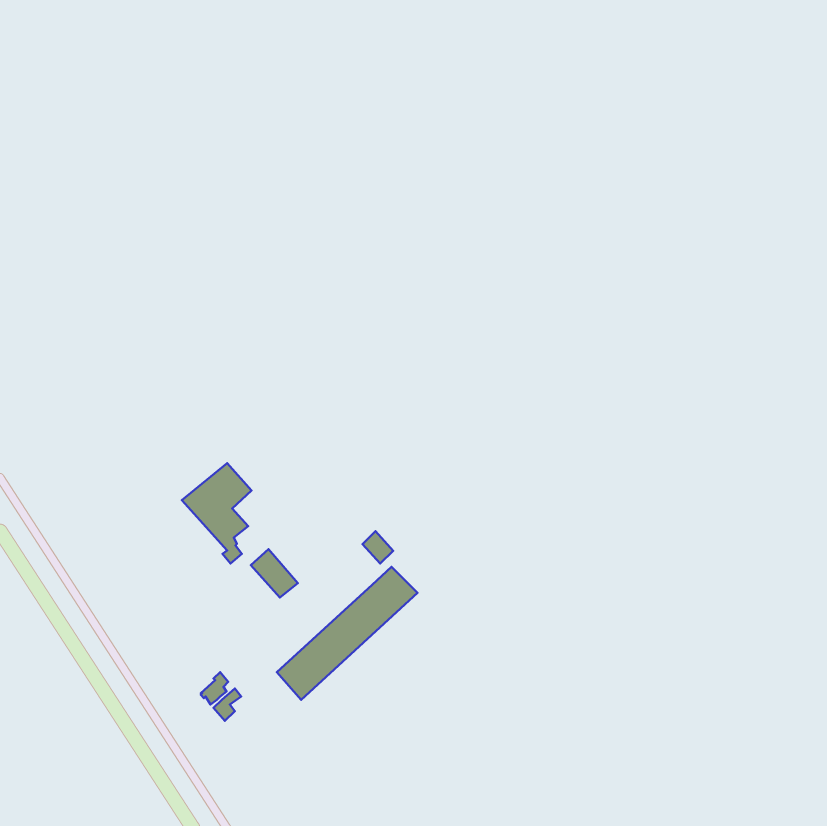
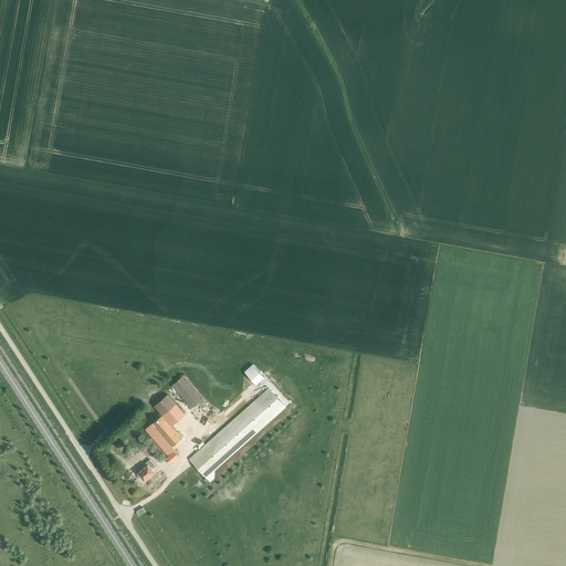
building: [182,463,252,563] -> [137,396,185,464]

